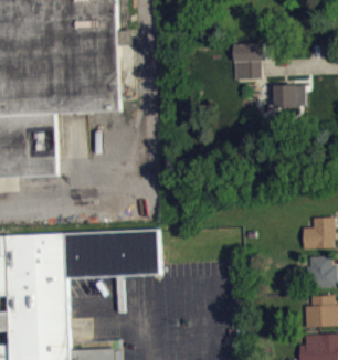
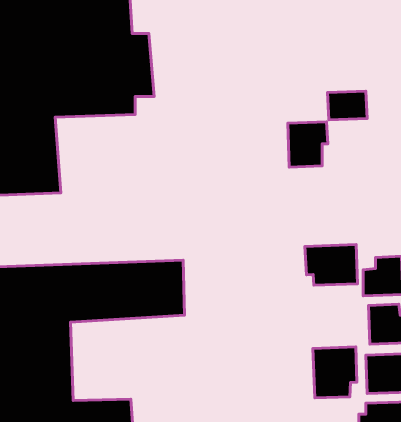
building: [232,51,264,87] -> [288,122,328,167]
building: none -> [305,245,357,285]
building: none -> [313,347,357,398]

